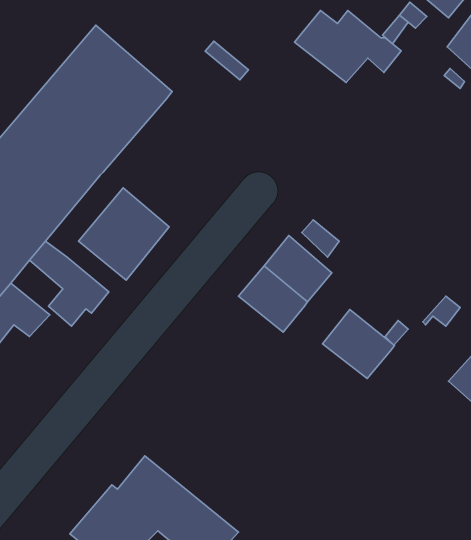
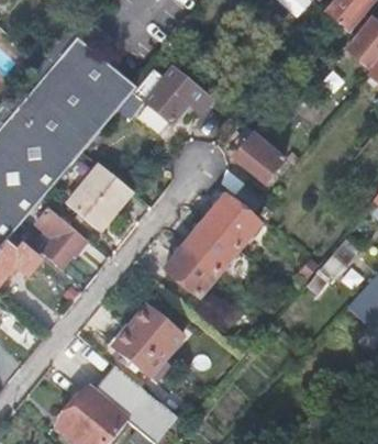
building: [294,11,401,83] -> [132,68,213,123]
building: none -> [234,133,285,184]
building: [322,309,394,379] -> [166,243,221,296]
building: none -> [113,306,182,376]

